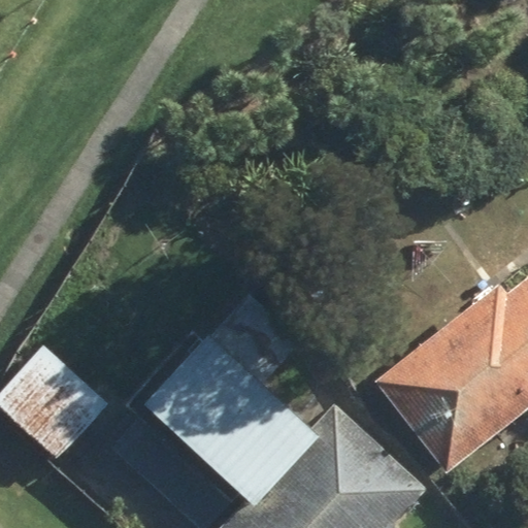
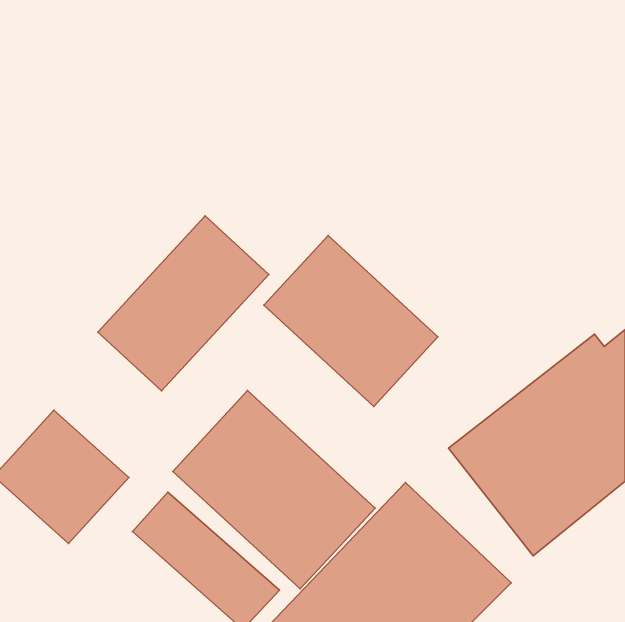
building: none -> [98,216,269,391]
building: none -> [264,236,438,406]

